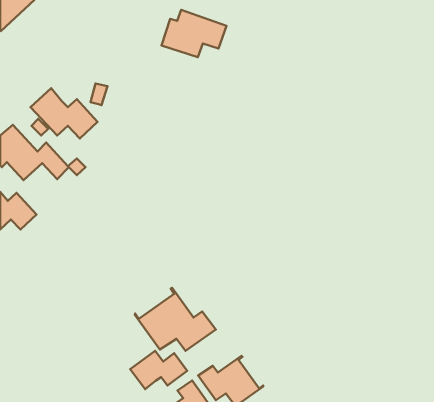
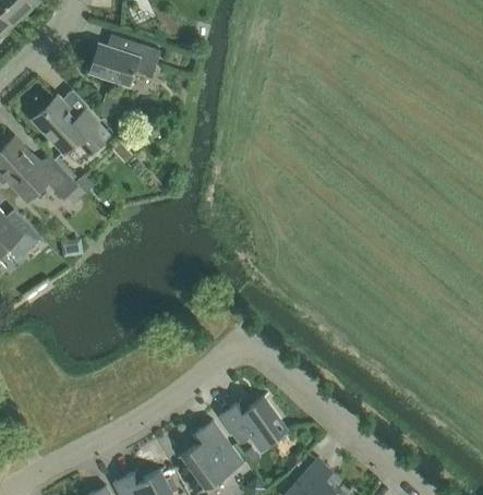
building: [161,10,226,57] -> [88,34,160,86]
building: [135,288,216,351] -> none
building: [130,351,187,389] -> none

